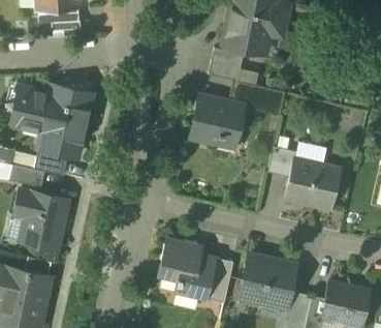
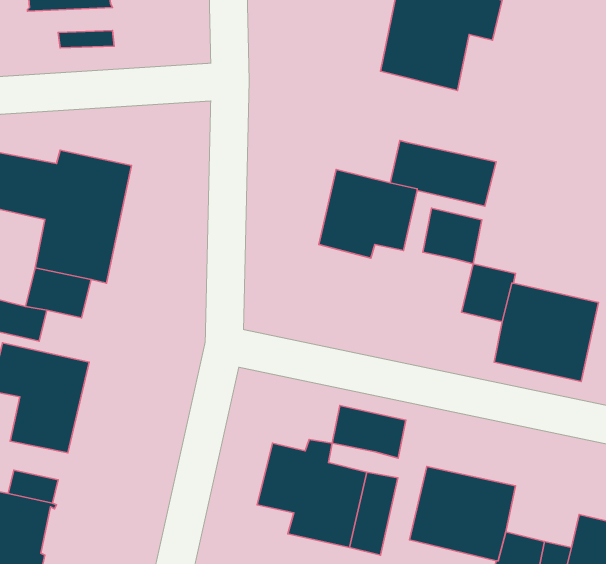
building: [209,49,244,82] -> none
building: none -> [423,208,482,264]
building: none -> [332,405,406,458]

